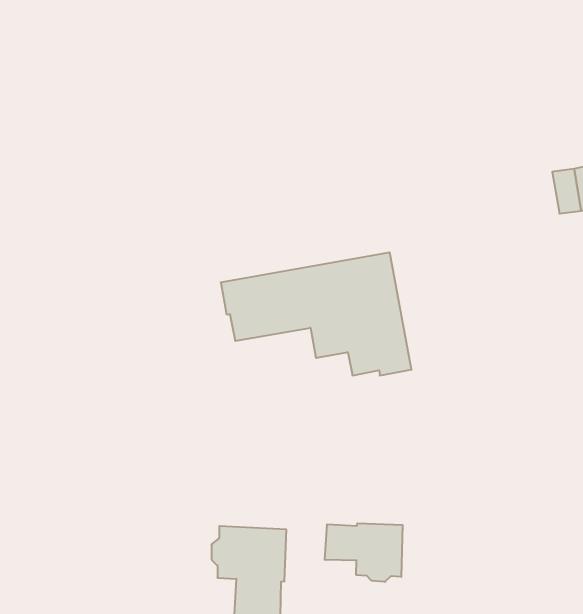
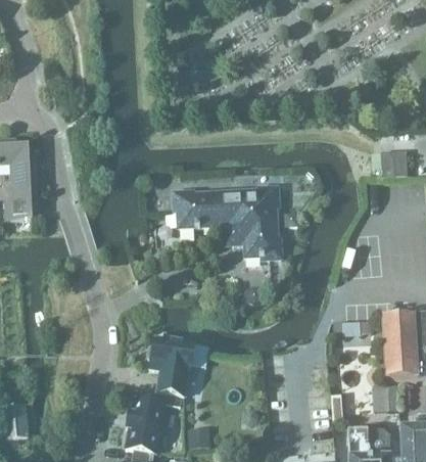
building: [325,523,402,582] -> none

